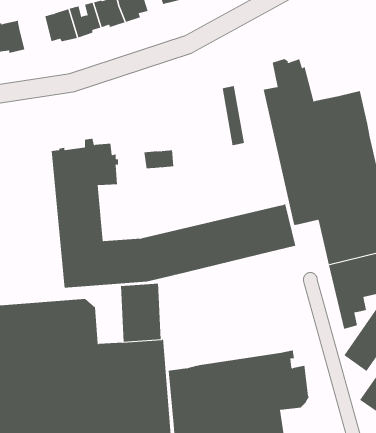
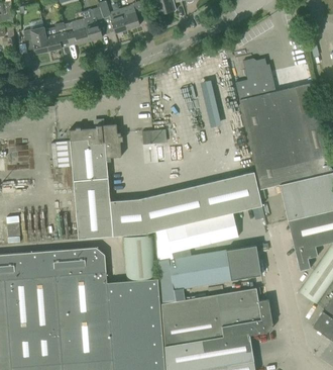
building: none -> [43,22,69,51]
building: none -> [165,212,238,253]
building: none -> [157,245,260,303]

